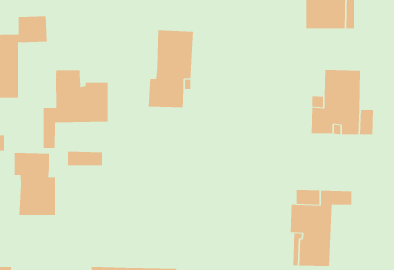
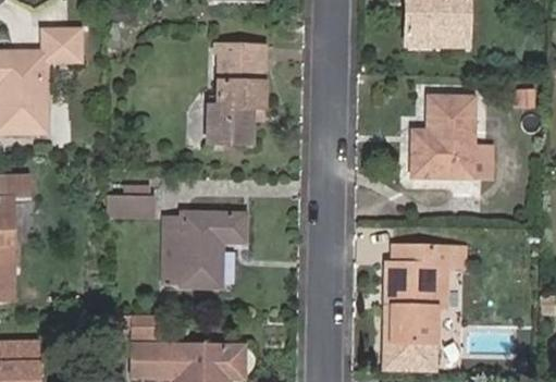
building: [43,70,108,149] -> none
building: [14,152,56,216] -> none
building: none -> [162,212,246,287]

